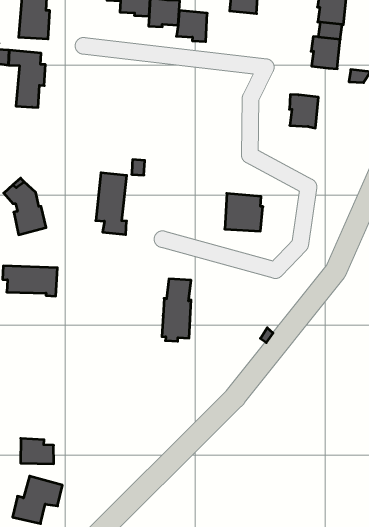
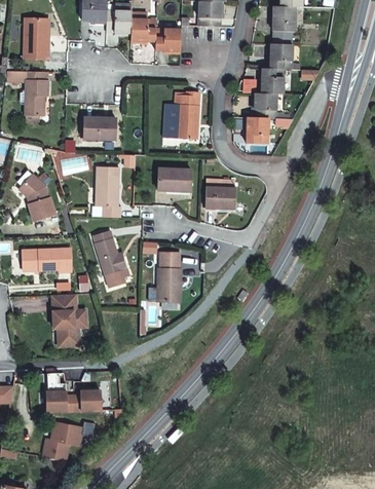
building: none -> [260,69,284,95]
building: none -> [162,92,198,140]
building: none -> [84,117,116,142]
building: none -> [245,119,269,144]
building: none -> [157,168,190,192]
building: none -> [93,230,129,288]
building: none -> [51,295,85,347]
building: none -> [72,390,100,412]

